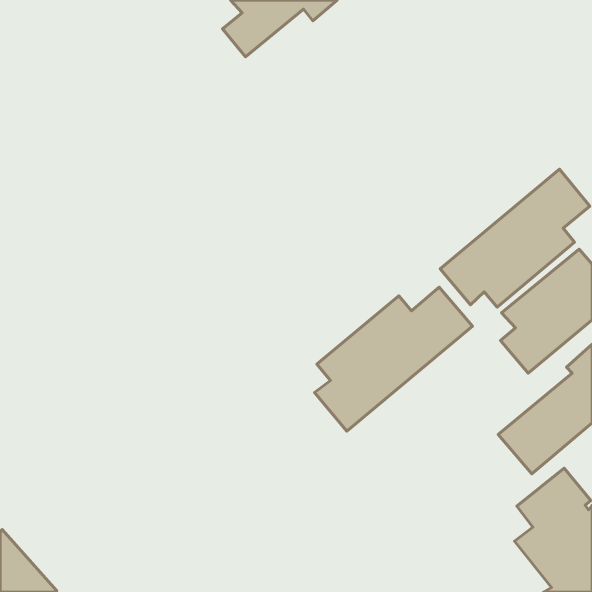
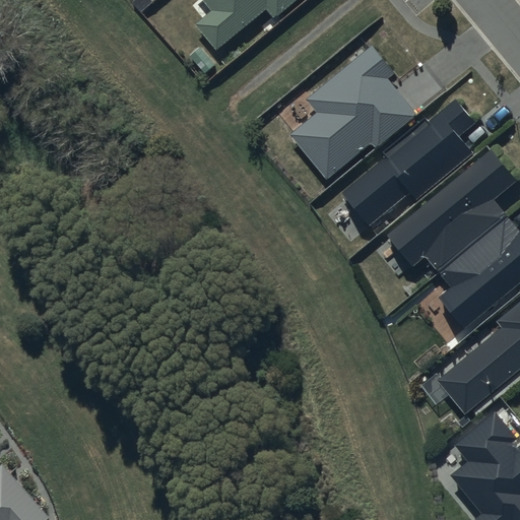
building: none -> [291,47,417,178]
building: none -> [344,99,477,223]
building: [315,287,473,431] -> none

